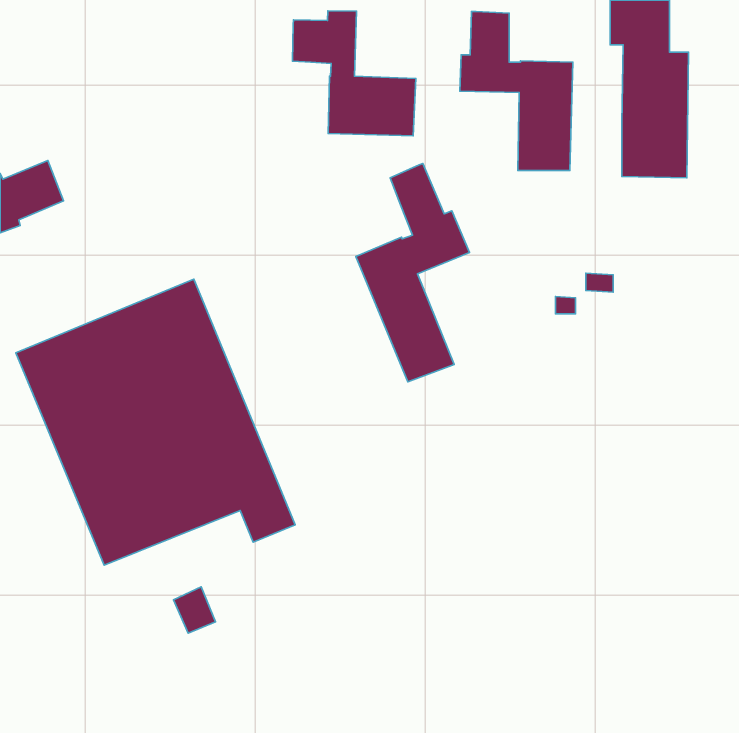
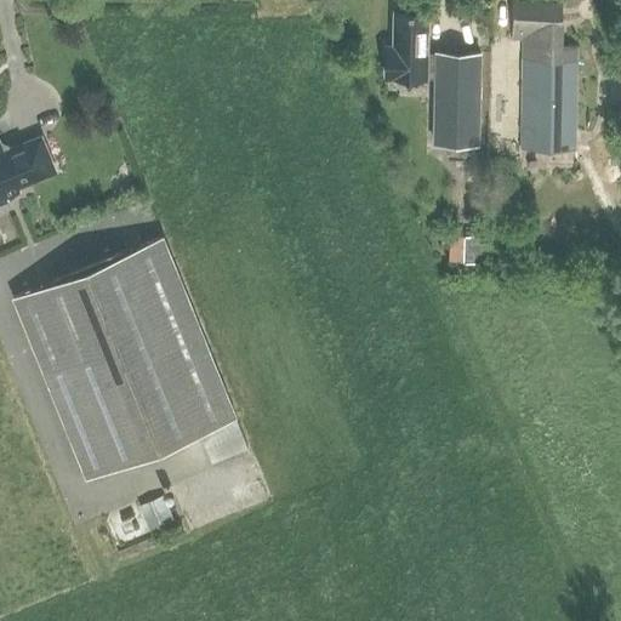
building: [293,11,416,136] -> none
building: [356,164,470,382] -> none

